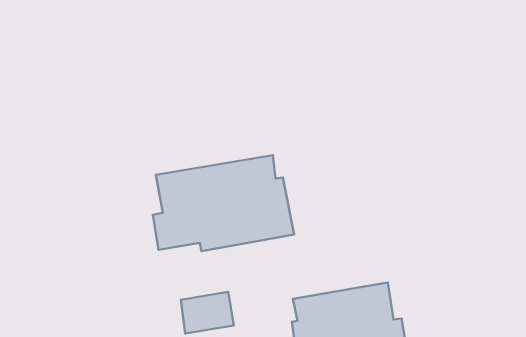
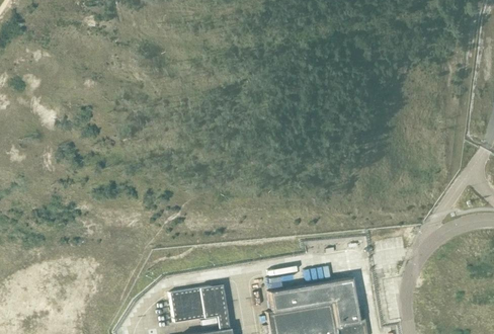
building: [153,155,294,251] -> none

